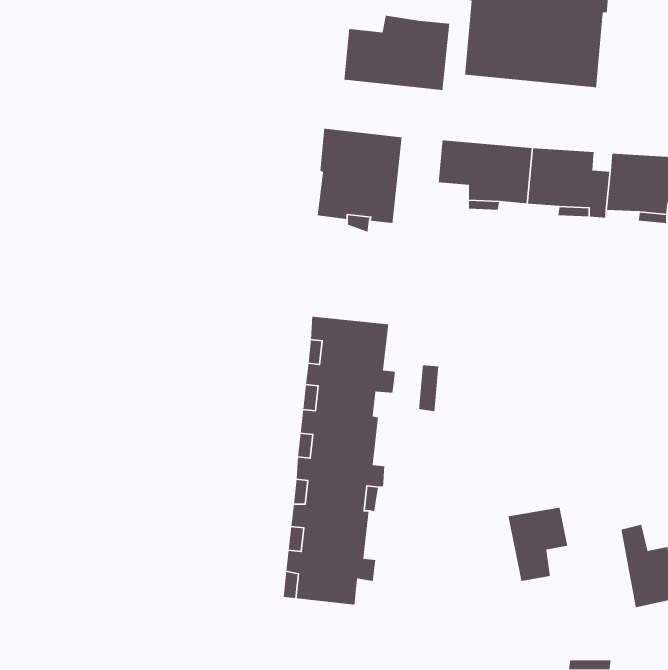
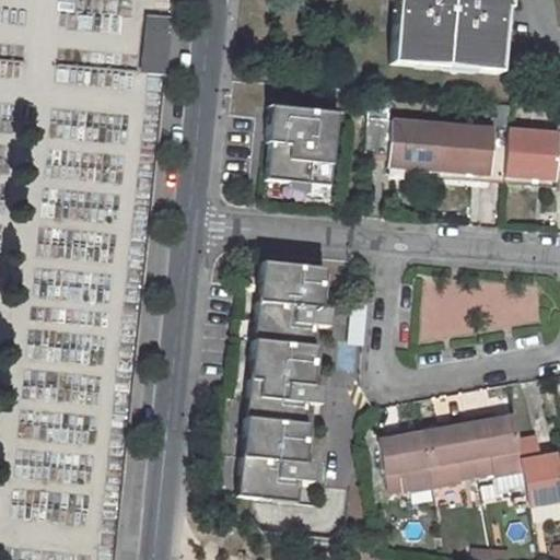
building: [343,15,450,91] -> none
building: none -> [143,15,175,72]
building: none -> [469,412,524,471]
building: none -> [383,429,436,488]

